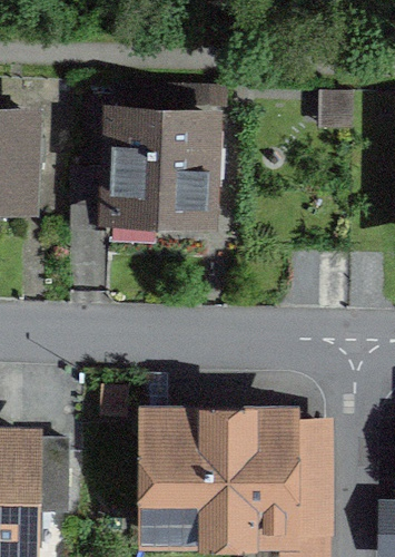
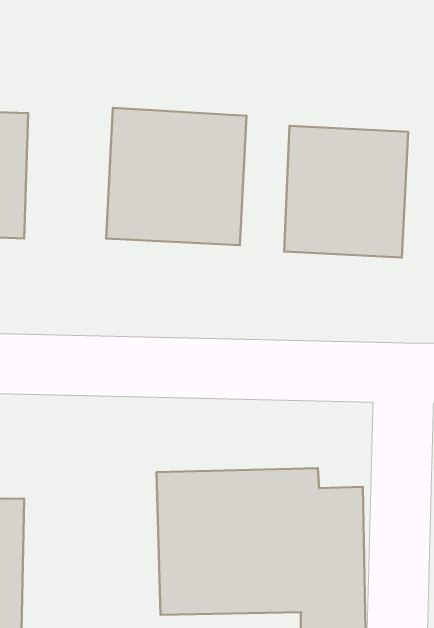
building: none -> [284,126,408,257]

